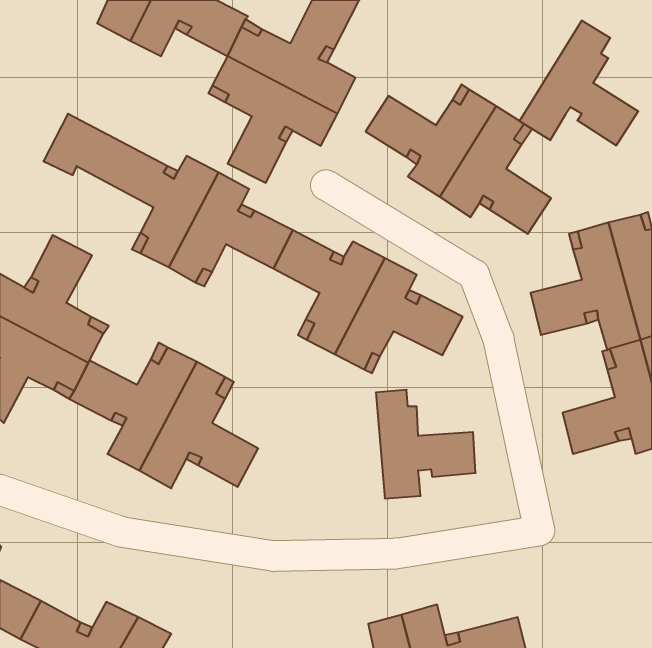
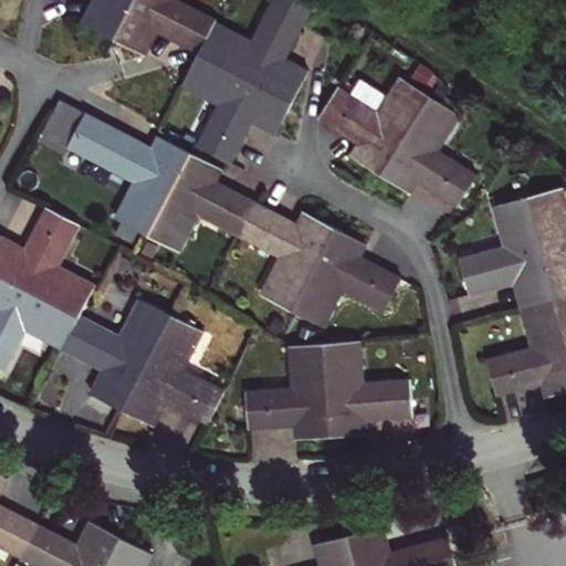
building: [520,20,638,146] -> none
building: none -> [244,344,333,438]

